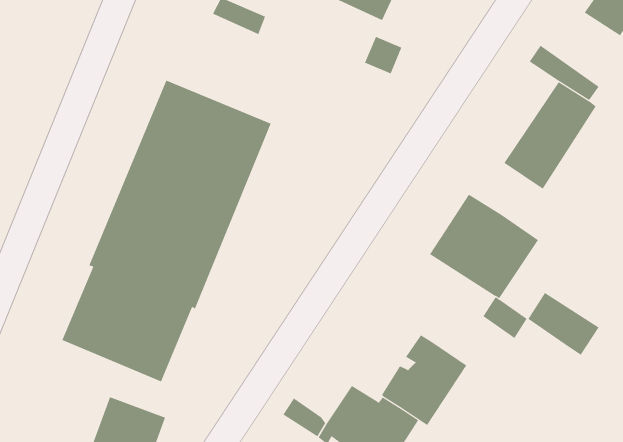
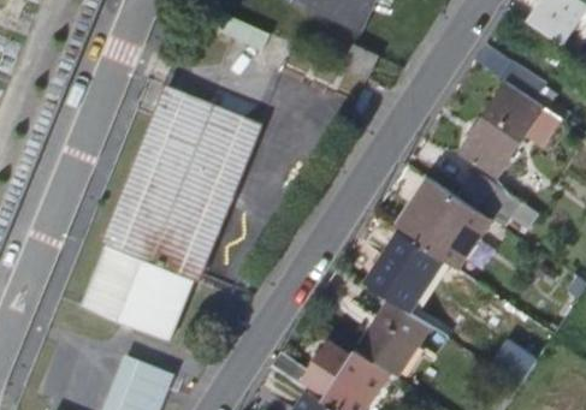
building: none -> [367,242,424,305]
building: [528,292,599,356] -> [460,174,521,228]

